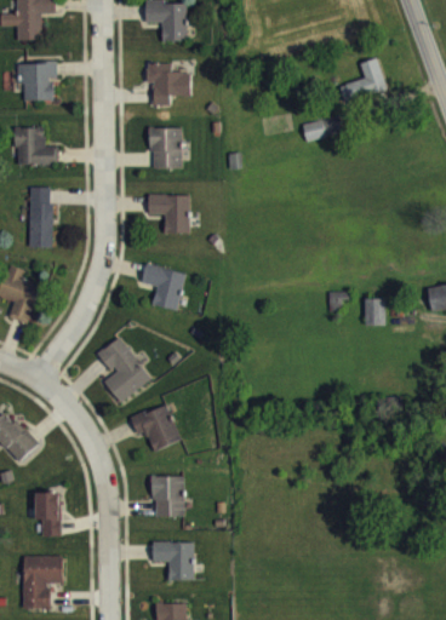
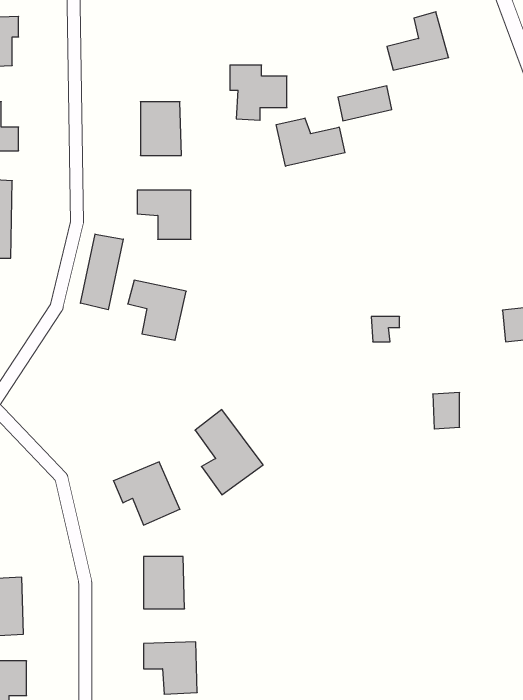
building: [147,63,190,105] -> [230,65,287,120]
building: none -> [276,118,345,166]
building: none -> [80,234,123,310]
building: [364,298,384,326] -> [433,393,460,429]
building: [98,337,150,402] -> [195,410,263,495]

